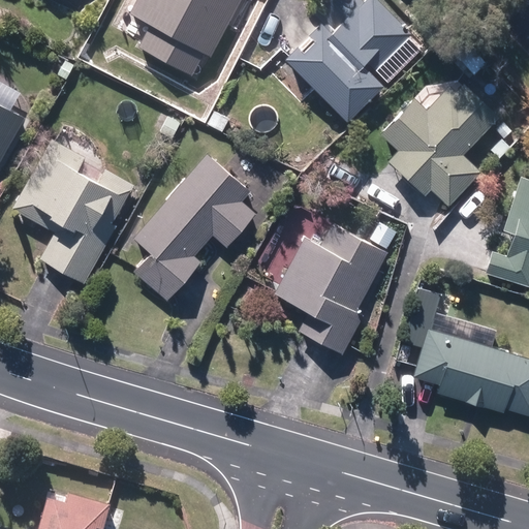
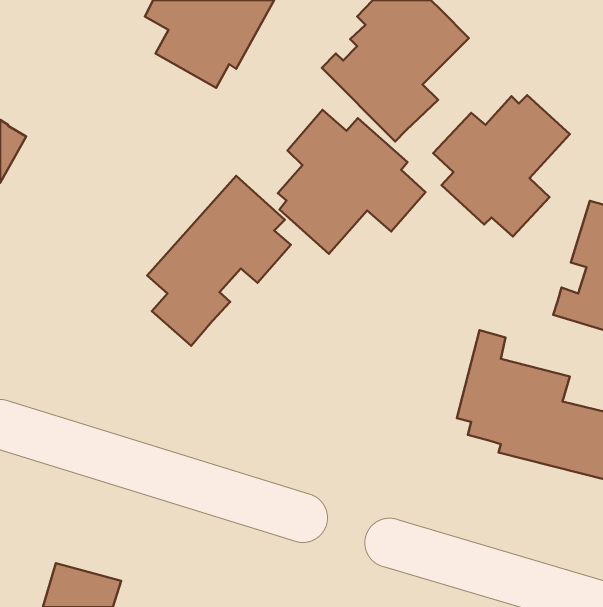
building: none -> [278,110,425,254]
building: [13,138,137,282] -> none
building: [274,222,391,354] -> none

